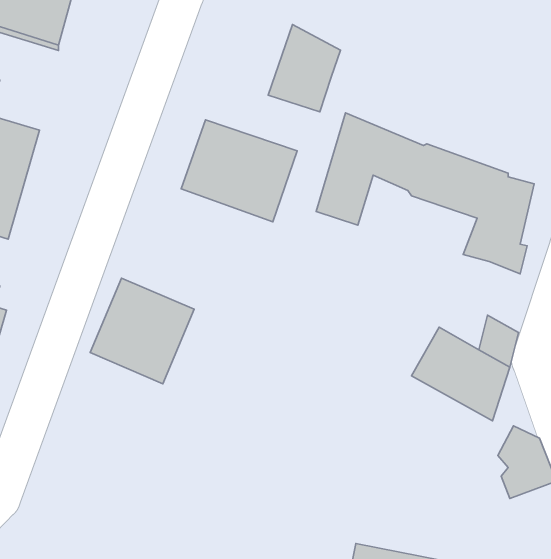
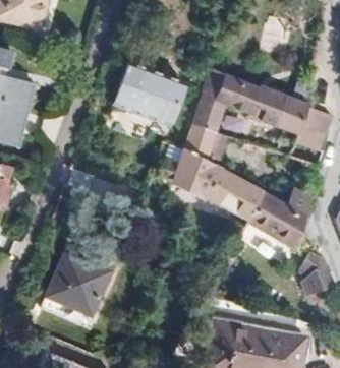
building: [268,25,340,112] -> none
building: none -> [177,126,267,223]
building: [90,278,194,384] -> [50,254,111,316]

